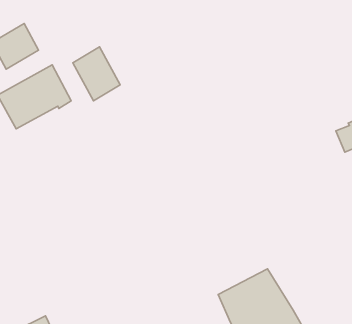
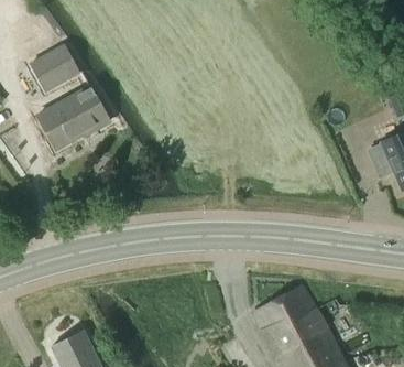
building: [73,47,120,101] -> none

